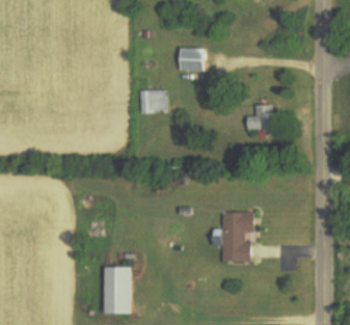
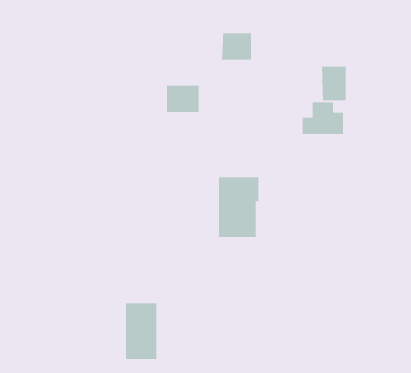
building: none -> [321,66,346,101]
building: [218,212,251,262] -> [218,177,259,238]

